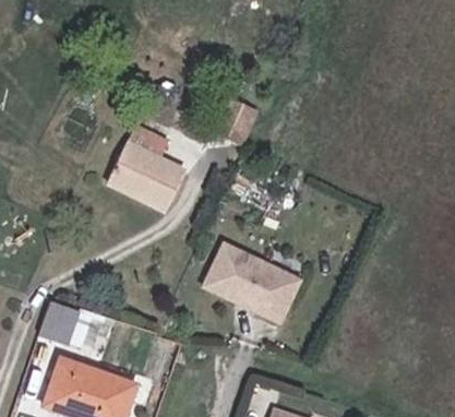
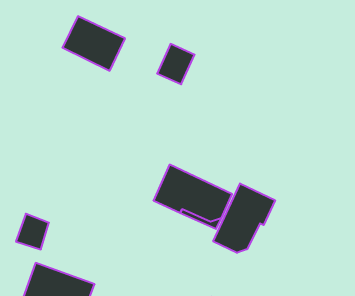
building: [110,143,187,210] -> [62,16,125,71]
building: none -> [213,183,275,253]

